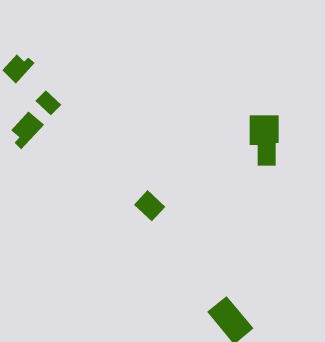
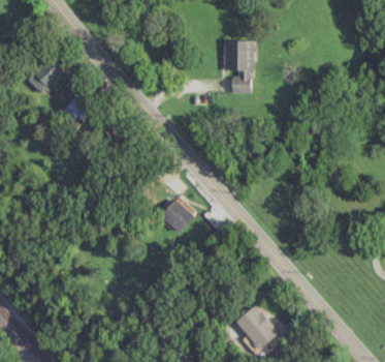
building: [10,110,45,150] -> none
building: [249,115,280,166] -> [224,40,255,92]

